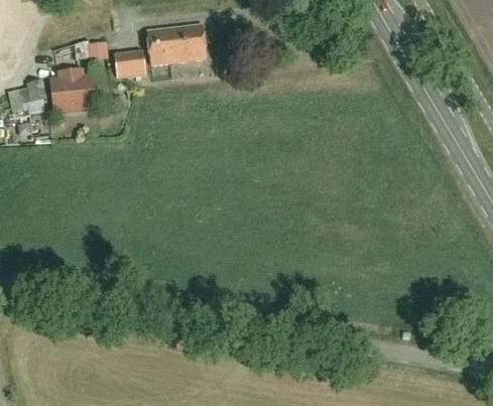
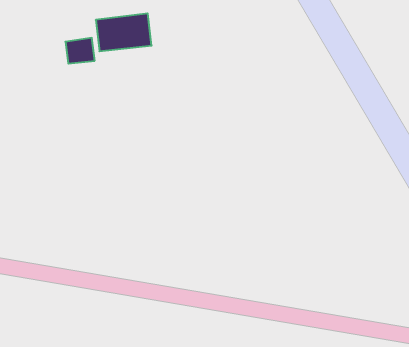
building: [49,64,94,113] -> none

